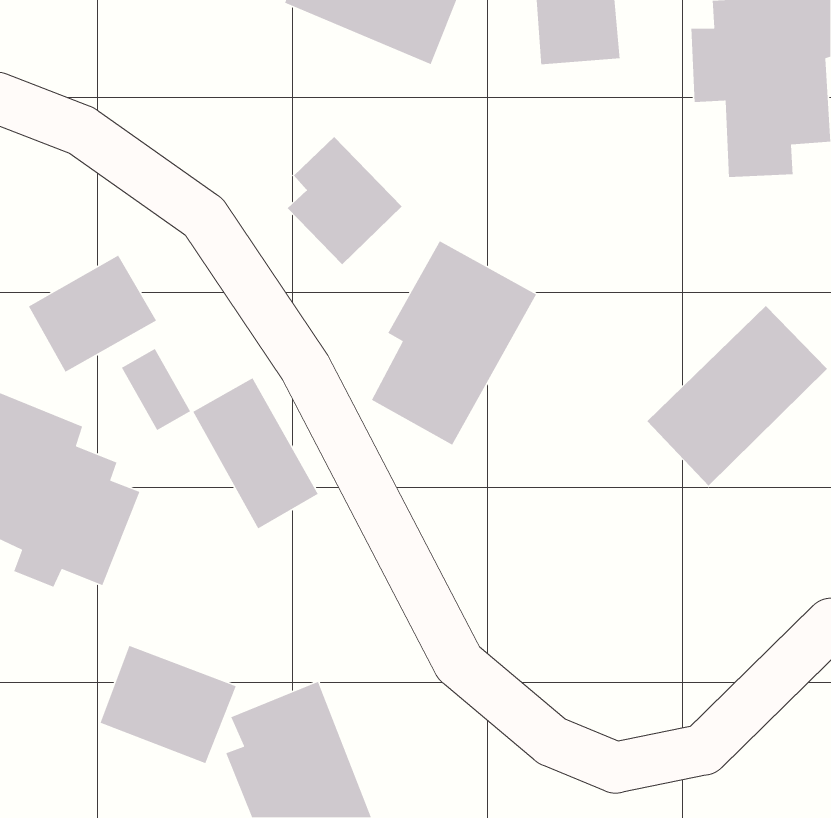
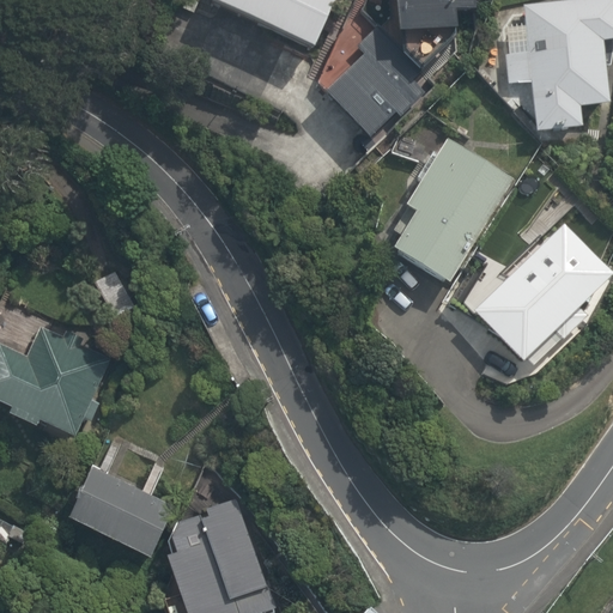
building: [287,136,403,265] -> [322,32,407,127]
building: [371,240,537,446] -> [396,134,518,285]
building: [28,255,157,373] -> none
building: [192,377,319,530] -> none

